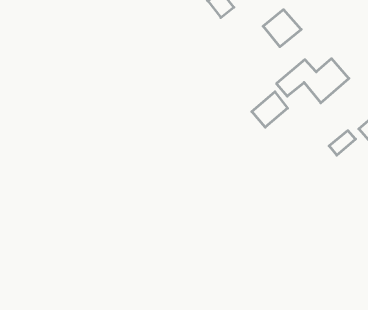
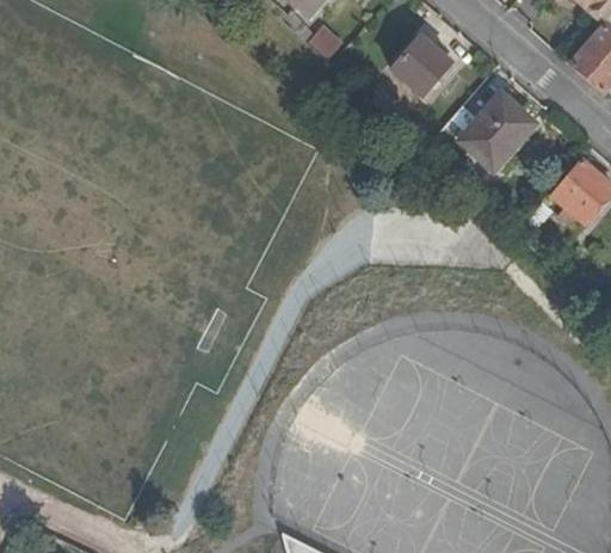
building: [252,92,288,127] -> none

